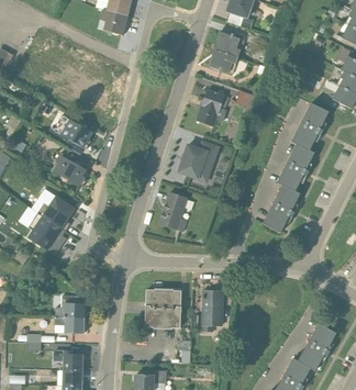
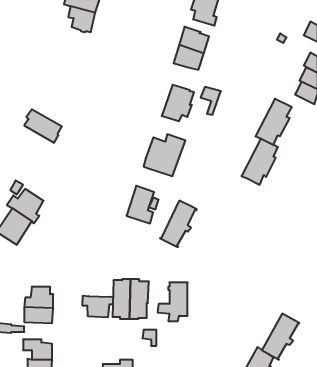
building: [53,154,86,185] -> none
building: [263,185,300,232] -> [160,201,197,247]
building: none -> [82,296,113,317]

